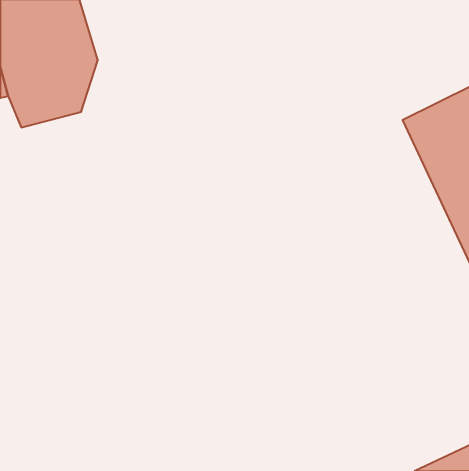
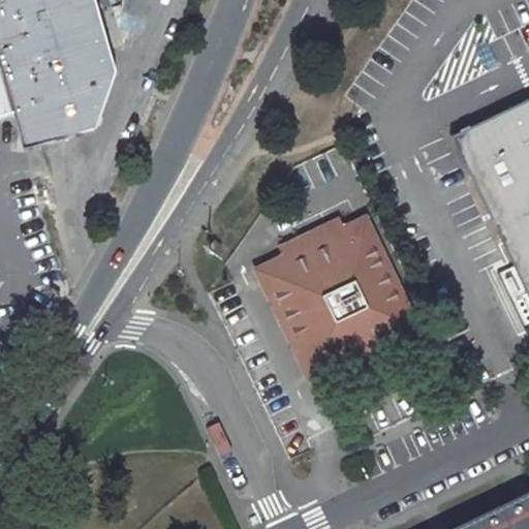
building: none -> [268,225,411,369]

